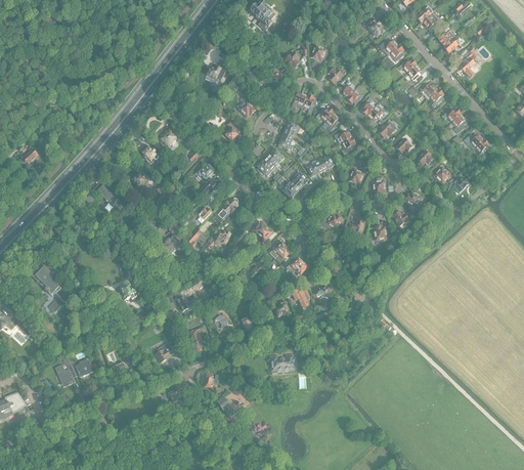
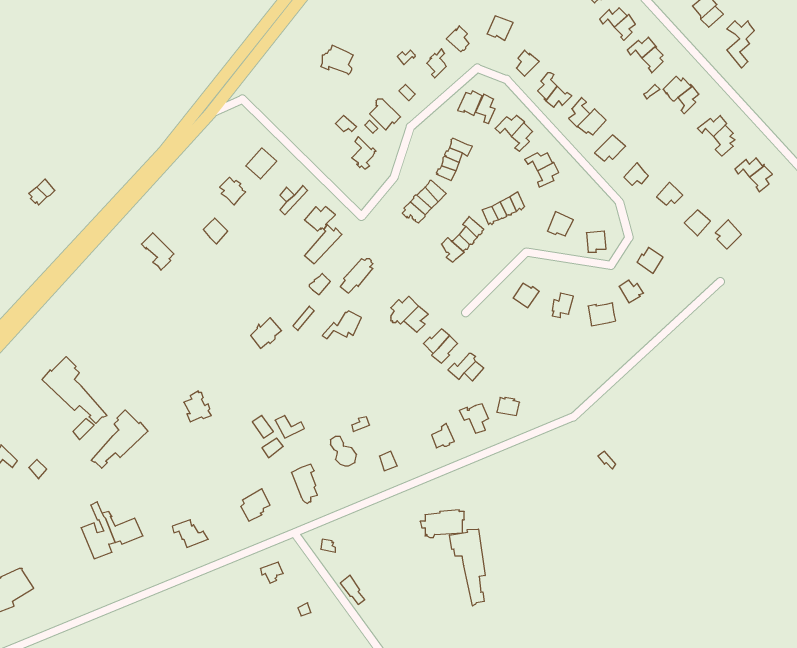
building: none -> [91,410,148,468]
building: none -> [450,529,485,606]

